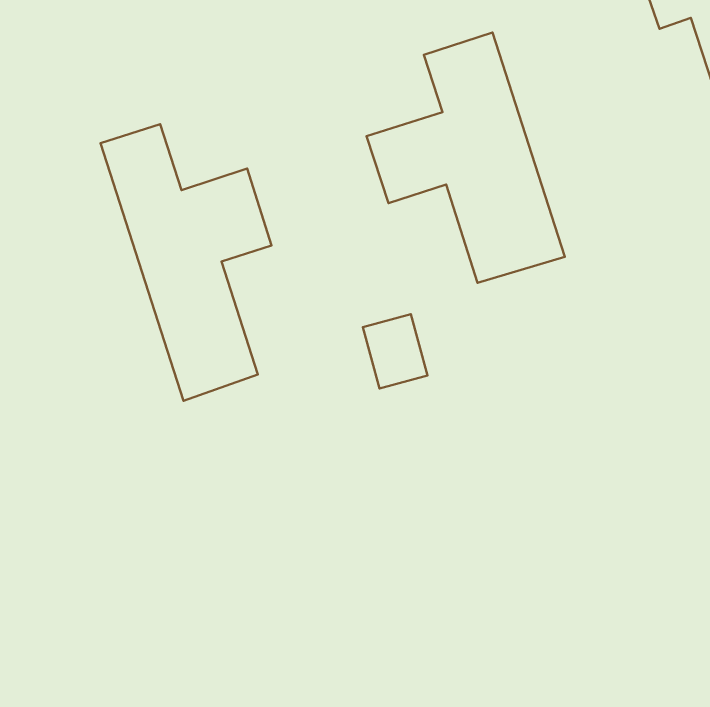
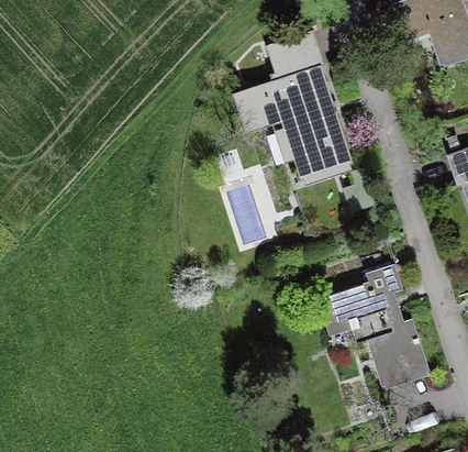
building: [101,124,271,401] -> none
building: none -> [323,265,430,387]

